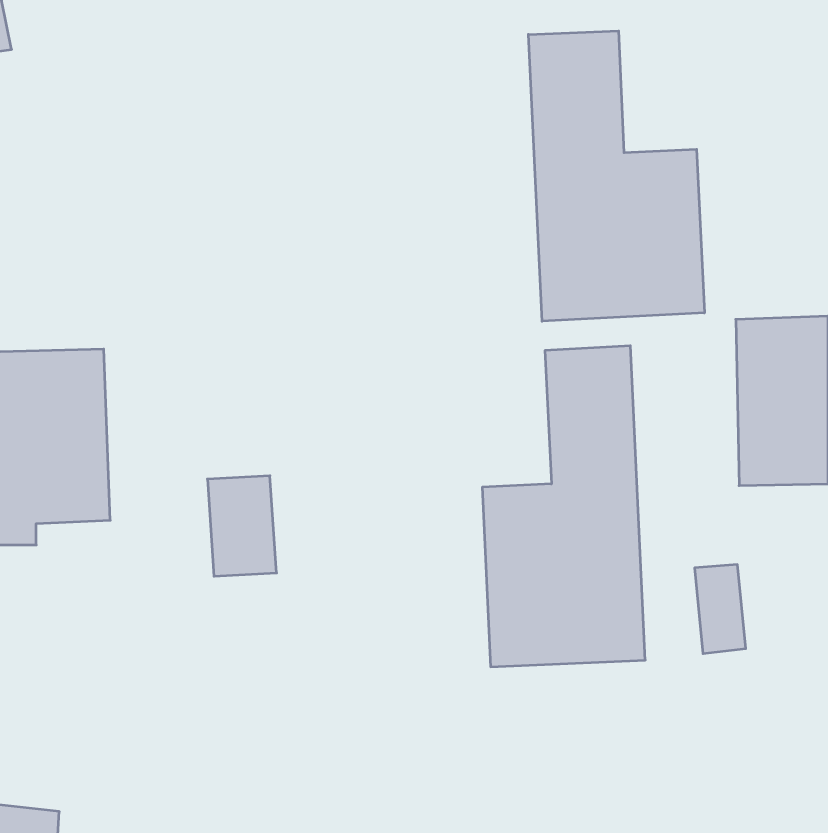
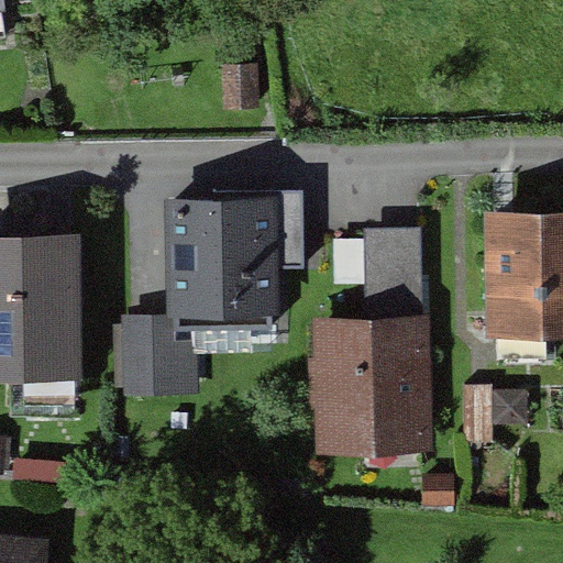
building: [528,31,704,321] -> none
building: none -> [175,223,275,310]

